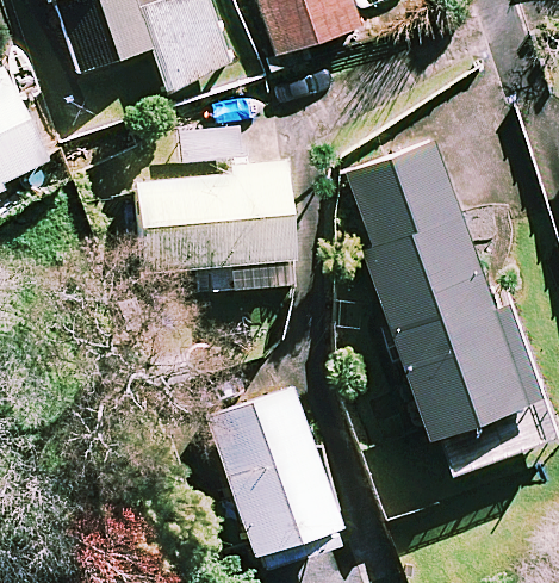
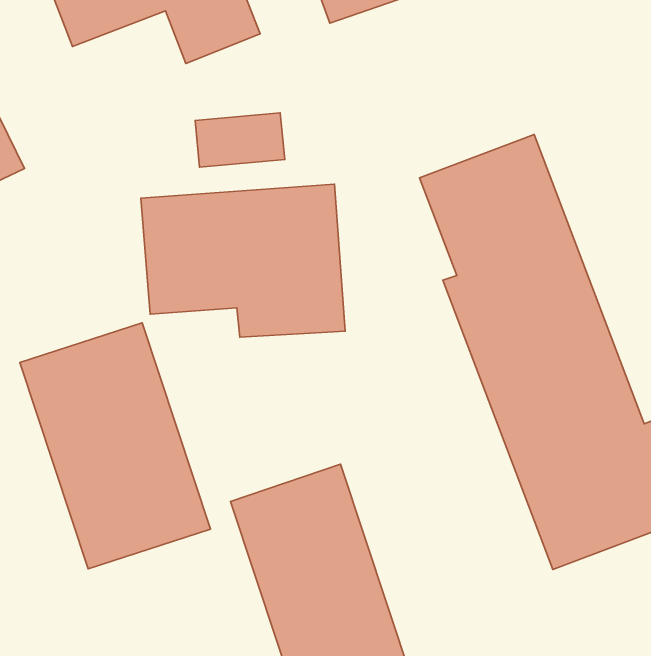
building: none -> [20,323,210,569]

